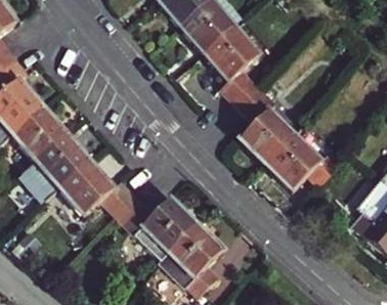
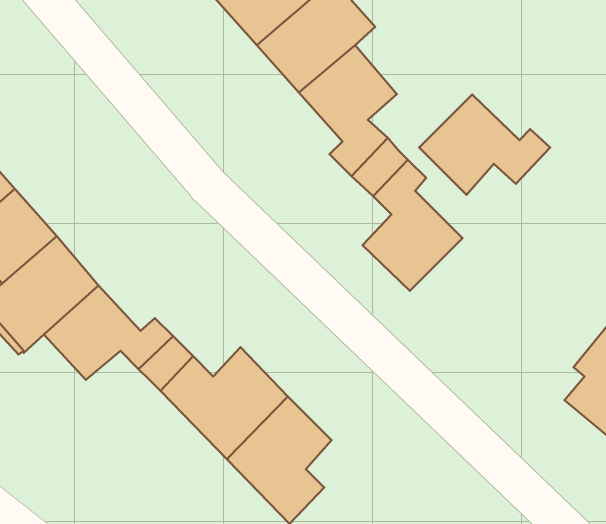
building: [265,135,339,191] -> [419,95,550,195]

